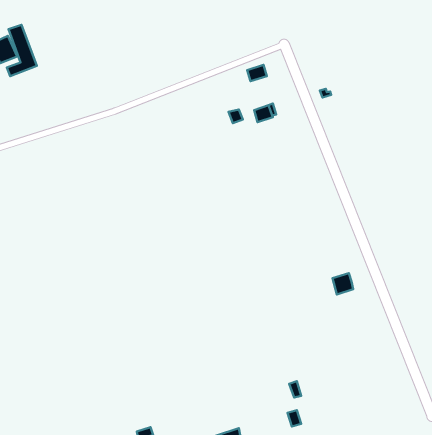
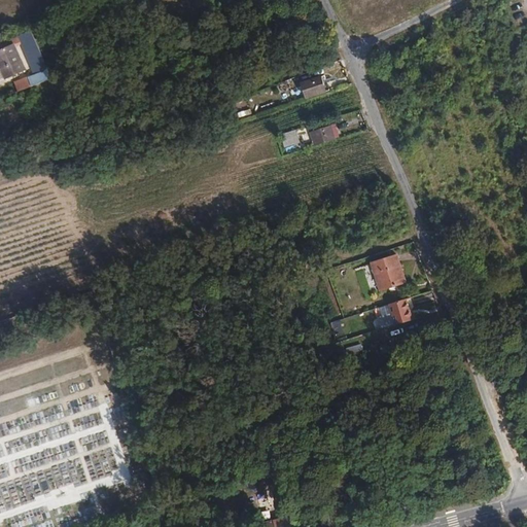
building: none -> [374,253,407,287]
building: [333,273,353,294] -> [387,302,412,327]

